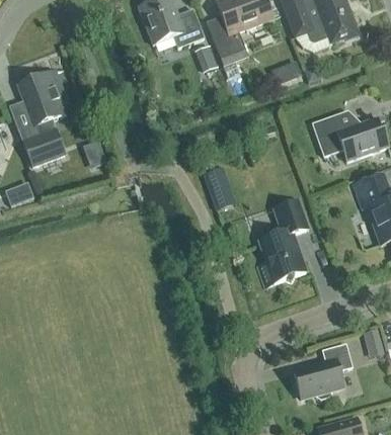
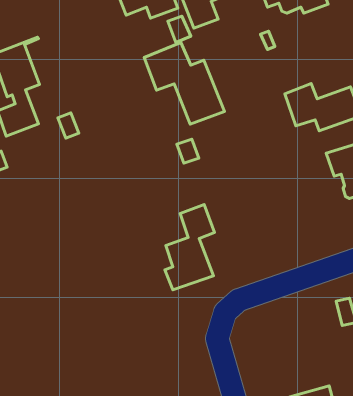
building: none -> [144,42,224,124]
building: [258,197,308,283] -> [165,204,214,290]
building: [293,342,353,398] -> none

